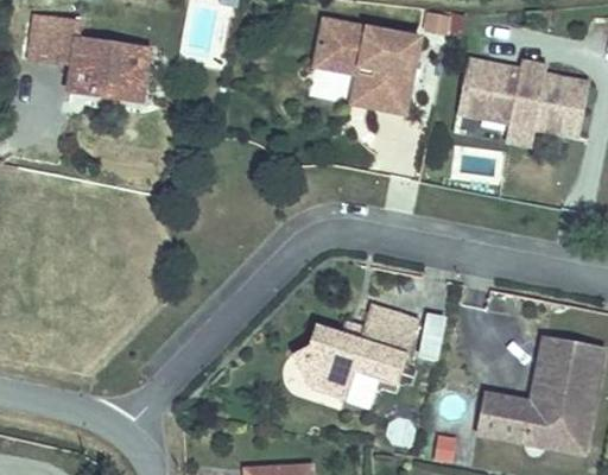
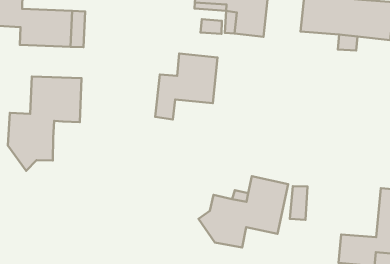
building: none -> [155,54,217,119]
building: none -> [8,77,82,171]

